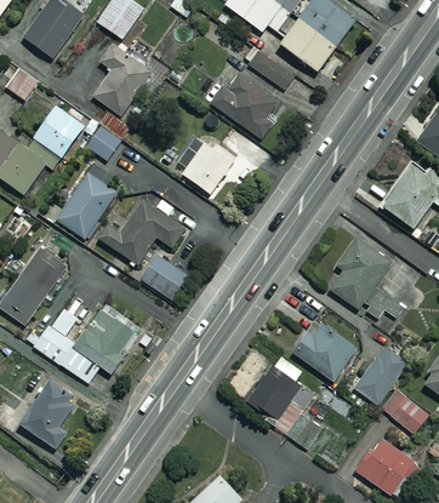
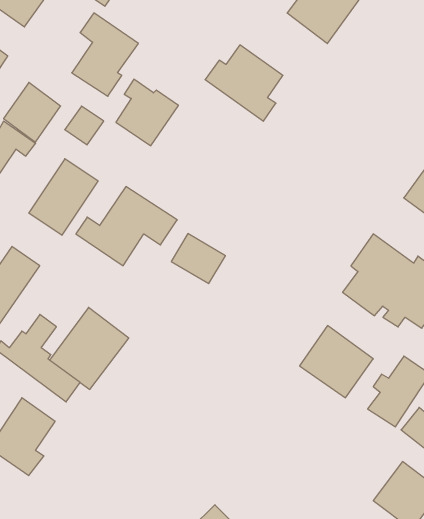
building: [246,46,293,90] -> none
building: [181,135,235,193] -> [116,79,178,146]
building: [141,256,188,299] -> [171,234,225,284]
building: [247,355,320,446] -> none

